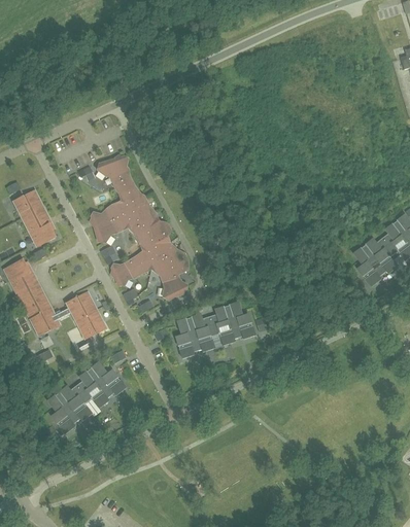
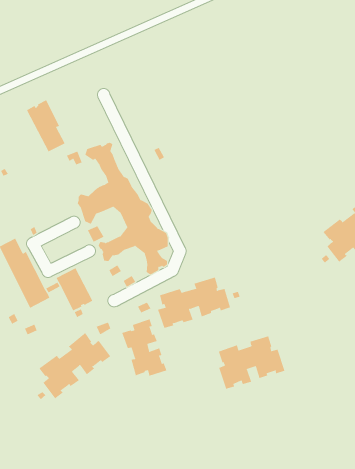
building: [13,189,56,246] -> [26,100,66,152]
building: none -> [122,319,167,376]
building: none -> [218,336,285,390]

